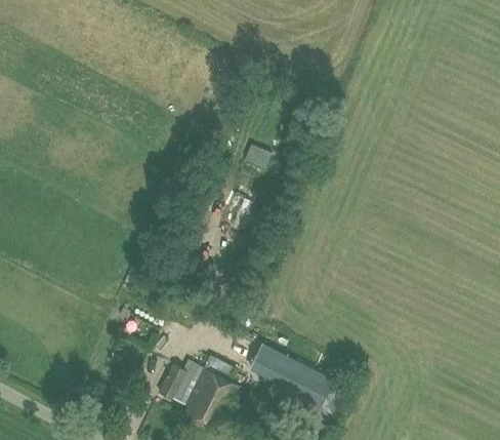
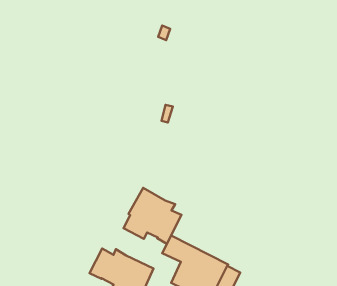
building: none -> [124,188,182,244]

